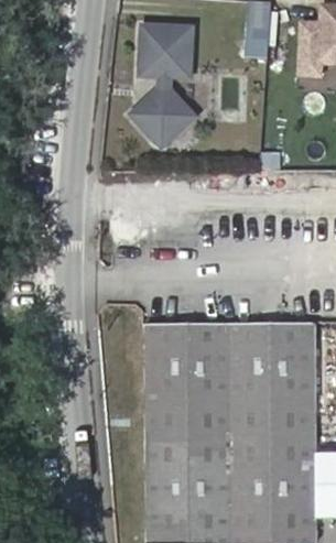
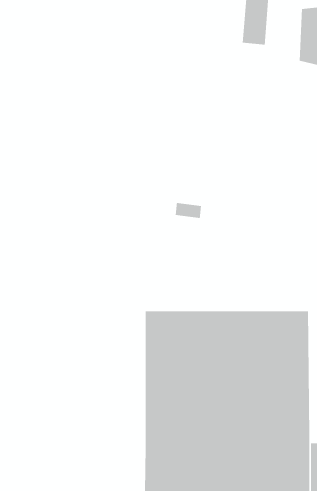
building: [128,21,202,155] -> none

